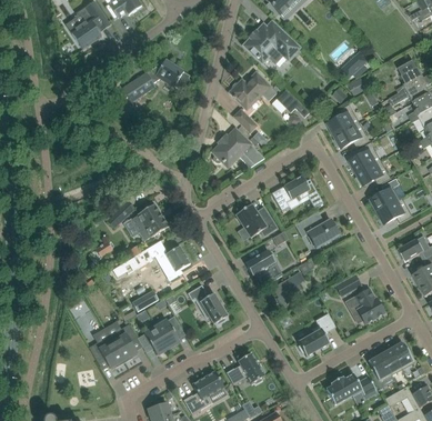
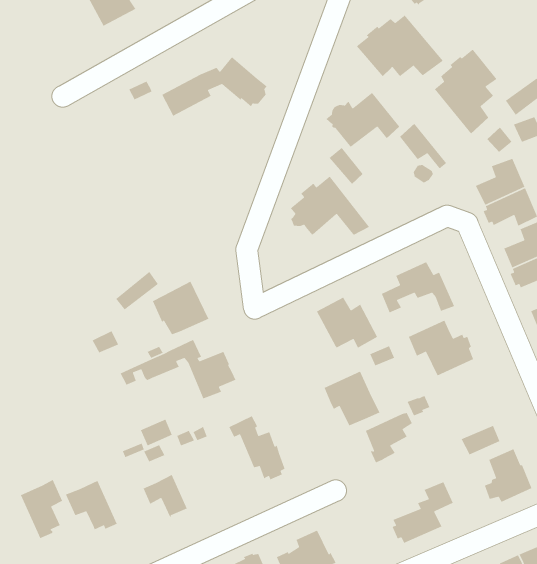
building: none -> [434,48,497,134]
building: [155,315,180,348] -> none
building: [109,323,137,362] -> [20,479,63,539]

